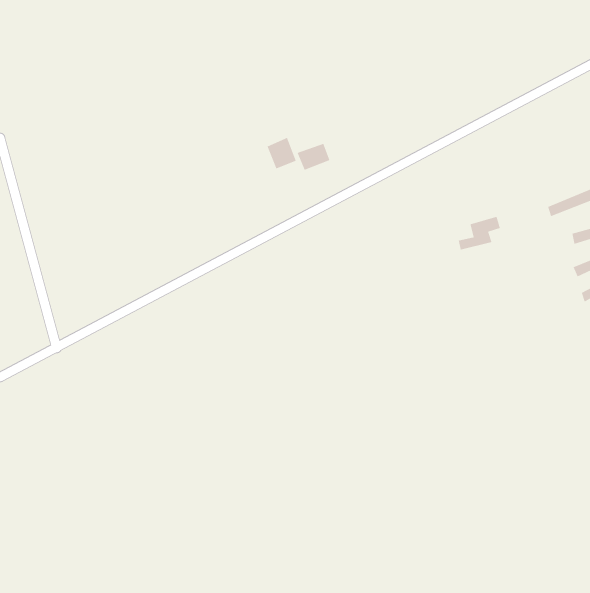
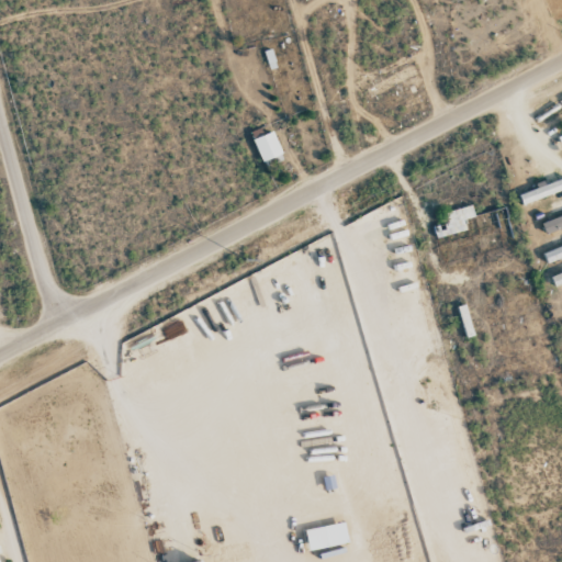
building: [297,143,331,171] -> none
building: none -> [306,521,350,550]

